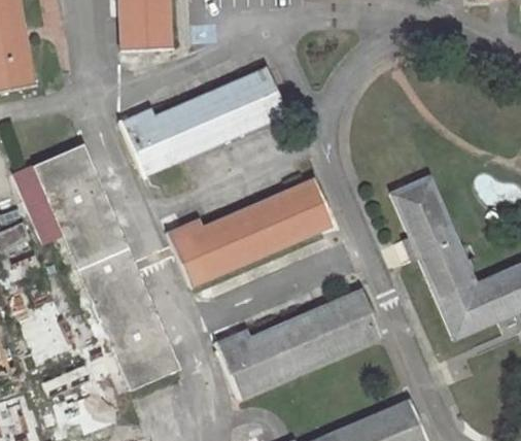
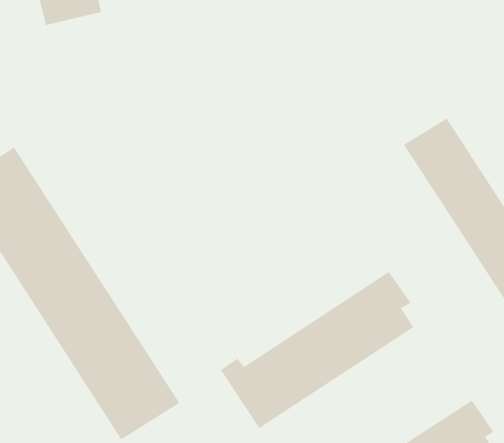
building: [120,68,280,183] -> none
building: [168,178,327,284] -> none

